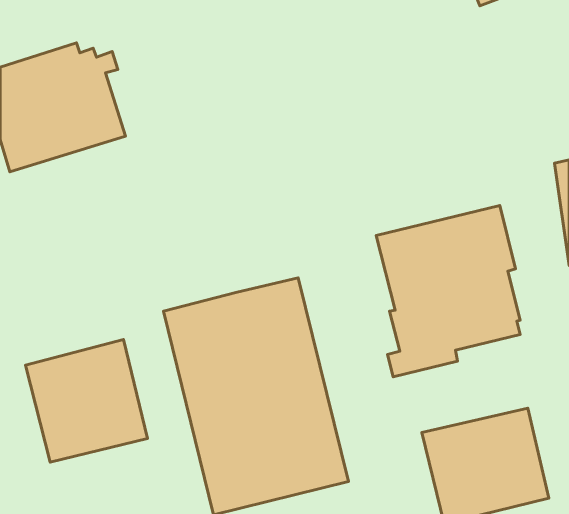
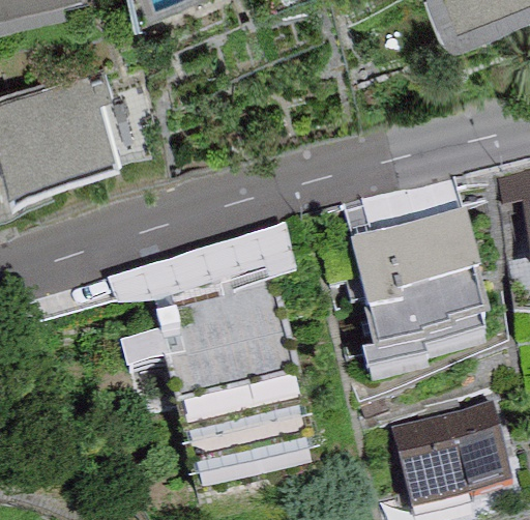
building: none -> [107,223,296,306]
building: [26,340,148,462] -> none

